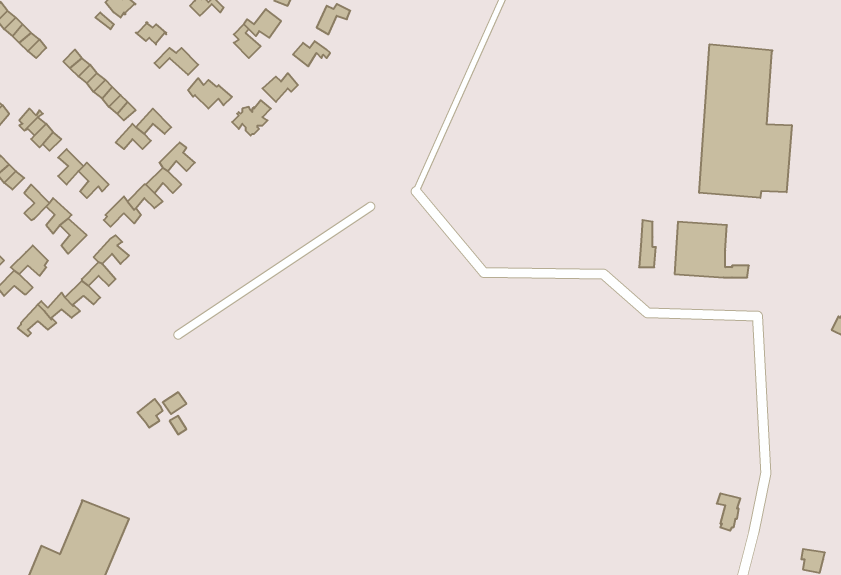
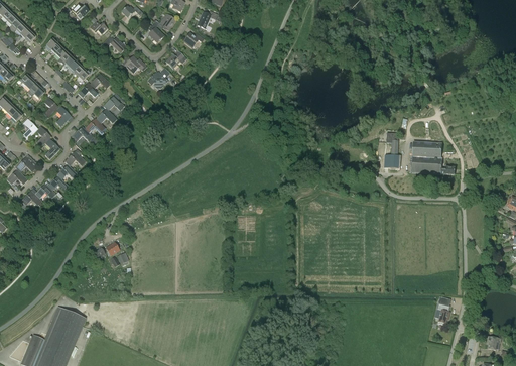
building: [699,44,792,198] -> none

